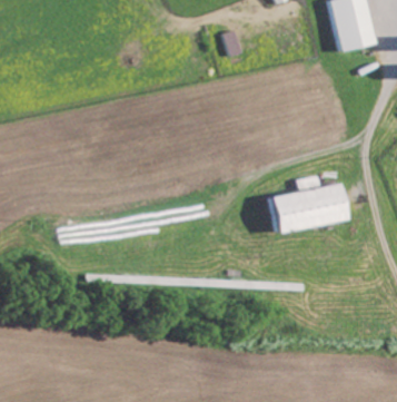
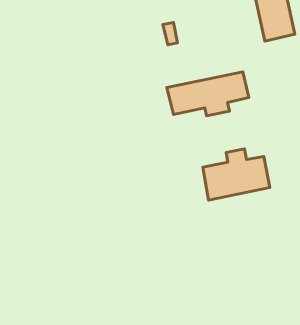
building: none -> [167,72,249,116]

